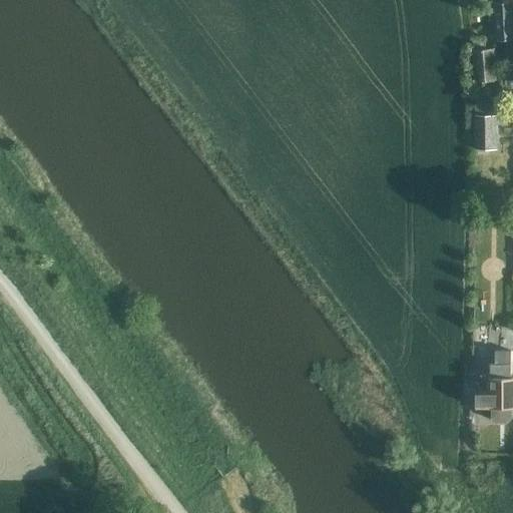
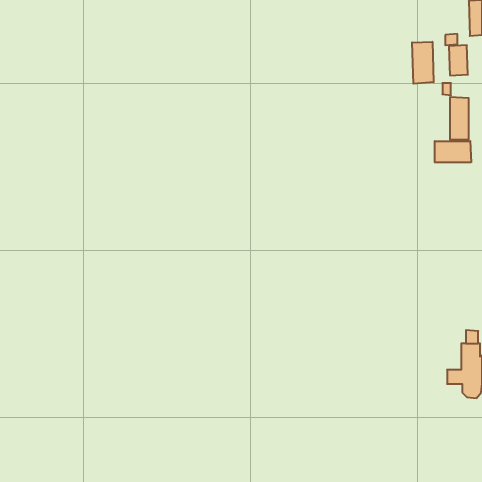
building: none -> [412,42,434,84]
building: none -> [435,141,471,162]

